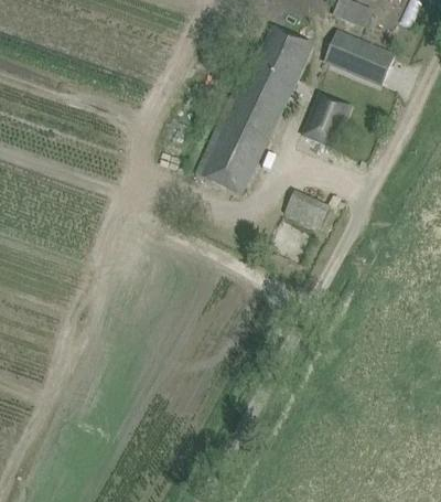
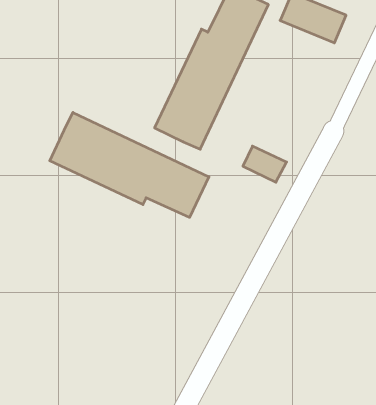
building: [305,94,349,146] -> none
building: none -> [50,112,209,217]

